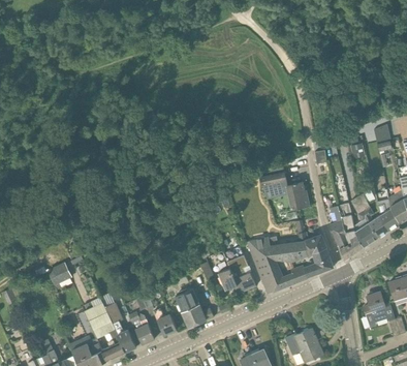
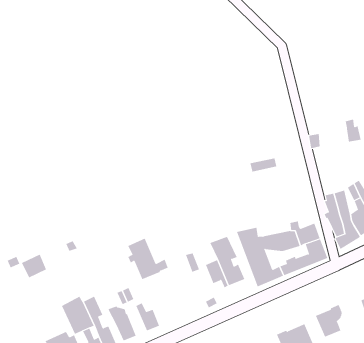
building: [285,183,308,210] -> none
building: [175,288,213,328] -> [127,238,168,280]
building: none -> [315,304,342,337]

